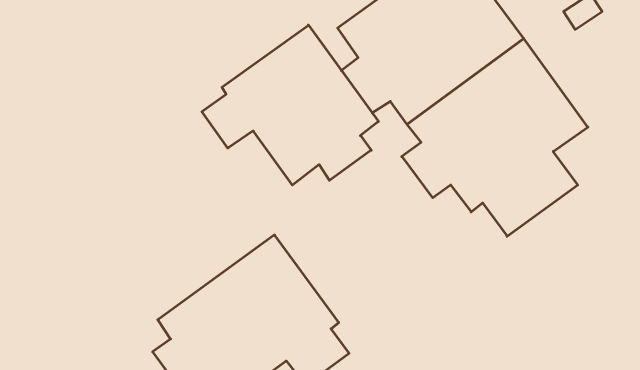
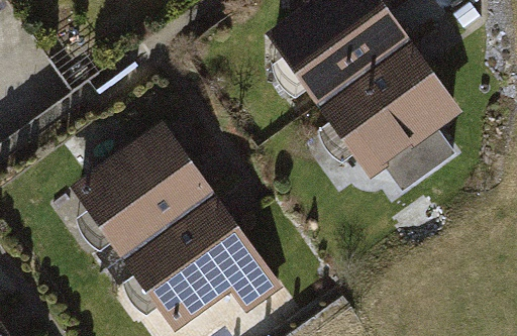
building: [202,25,378,185] -> none
building: none -> [70,119,216,261]

